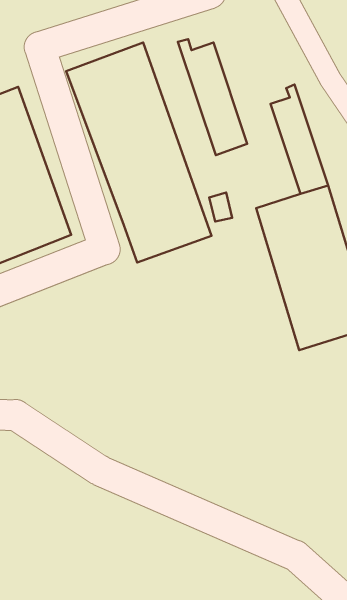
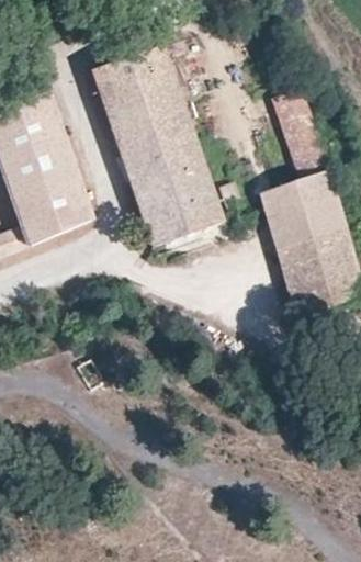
building: [178,39,247,155] -> none

